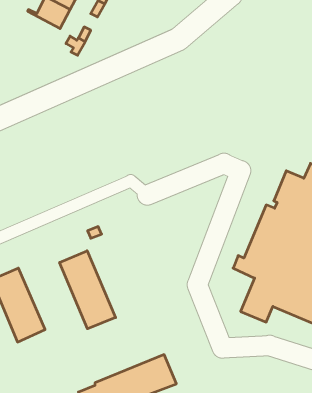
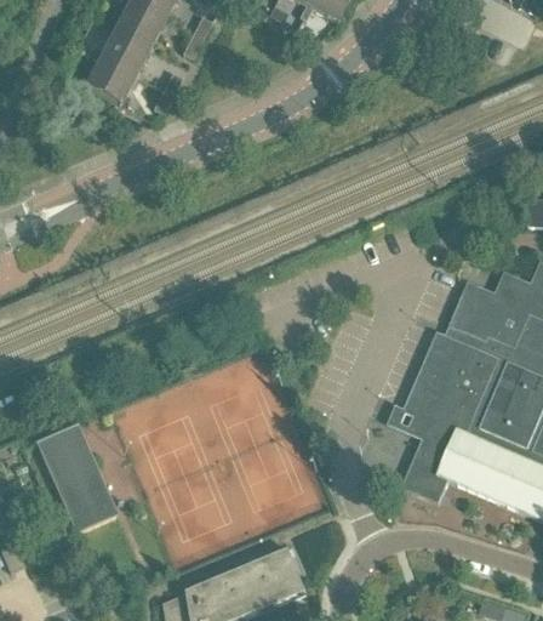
building: none -> [86,49,137,103]
building: [60,251,116,329] -> none

